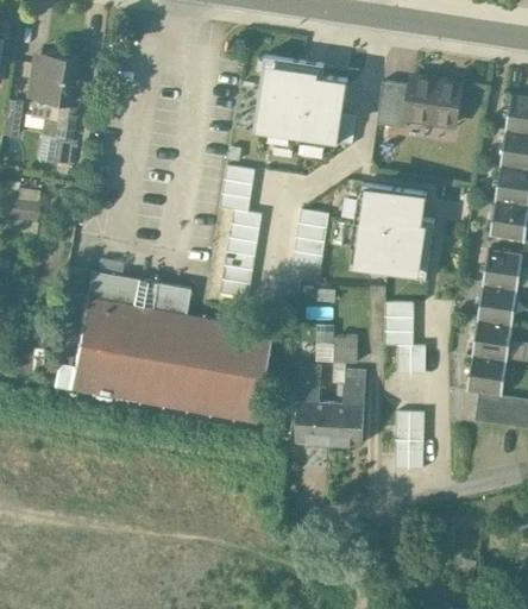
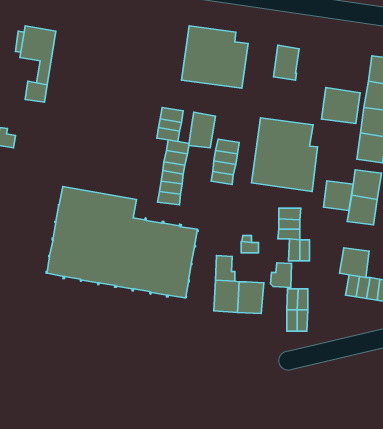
building: [407,77,459,126] -> [321,88,360,123]
building: none -> [189,112,216,148]
building: [472,321,513,362] -> [323,181,353,211]
building: [337,371,365,404] -> [271,263,292,287]

